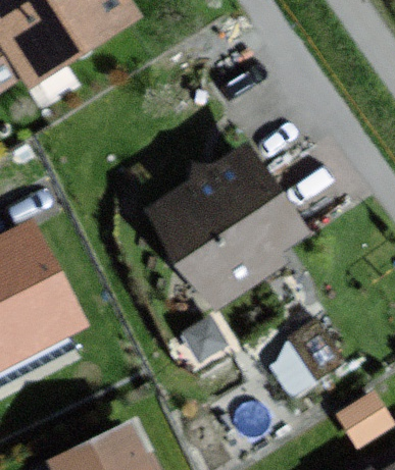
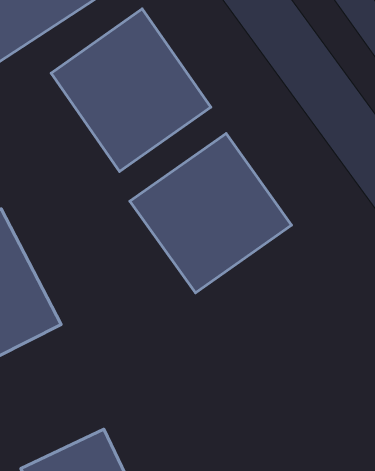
building: none -> [51,9,211,171]

